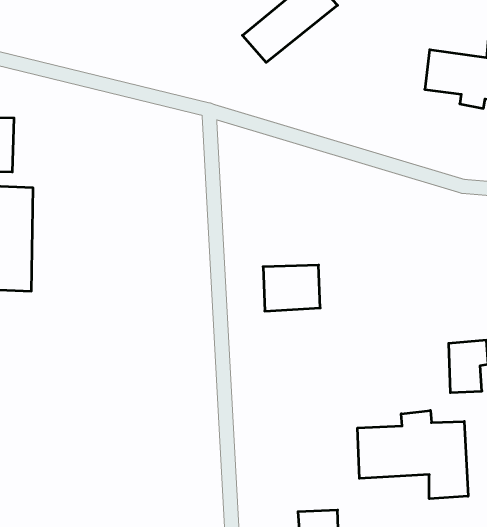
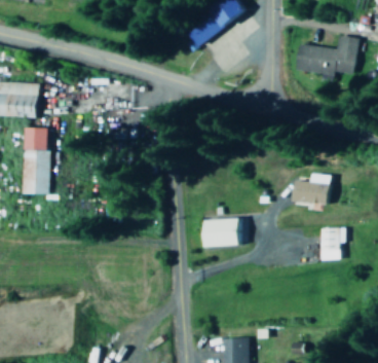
building: none -> [294,175,331,205]
building: [263,265,320,311] -> [205,219,242,249]
building: [358,410,468,499] -> none

